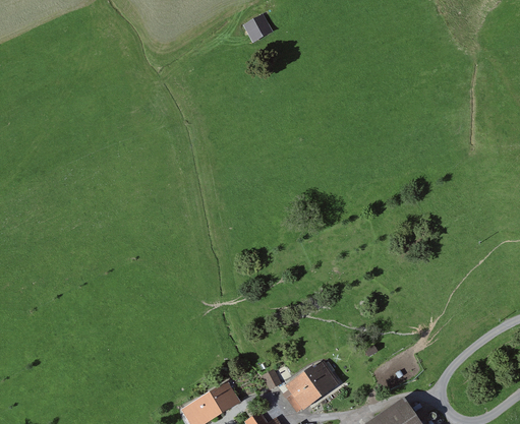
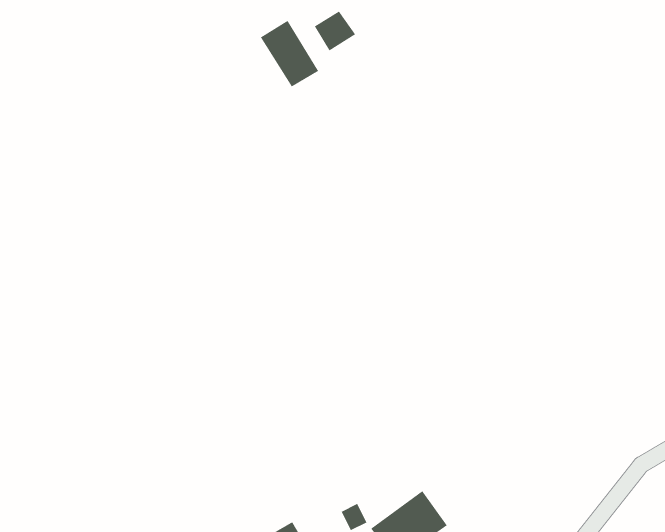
building: none -> [260,20,319,88]

